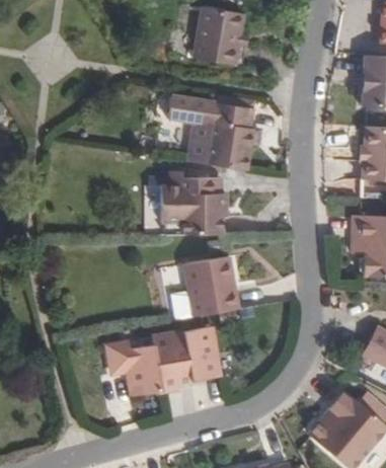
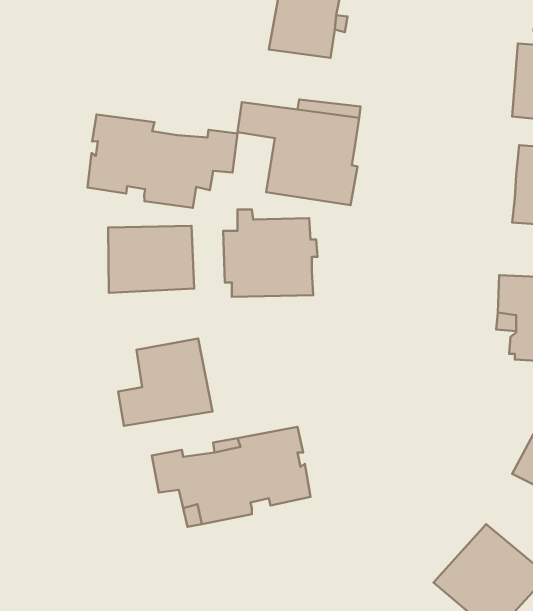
building: none -> [88,115,238,208]
building: none -> [108,226,194,293]
building: [171,255,238,317] -> [118,339,212,426]

